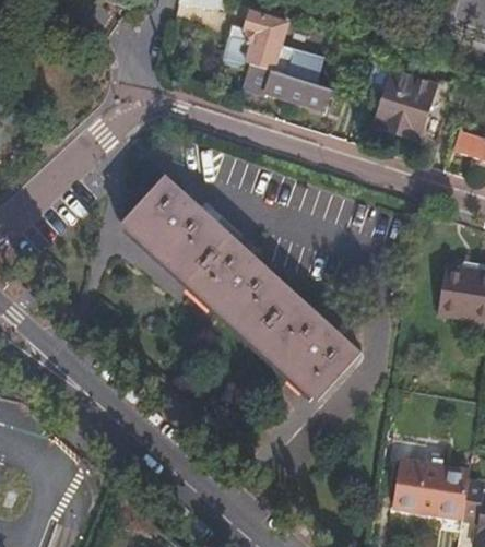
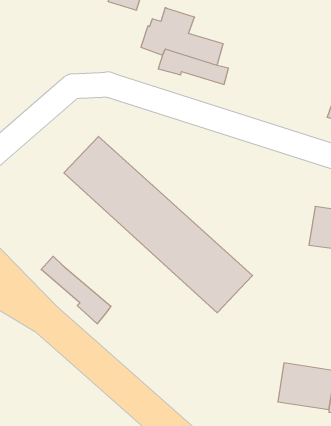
building: [374,68,437,140] -> none
building: none -> [41,256,111,324]

